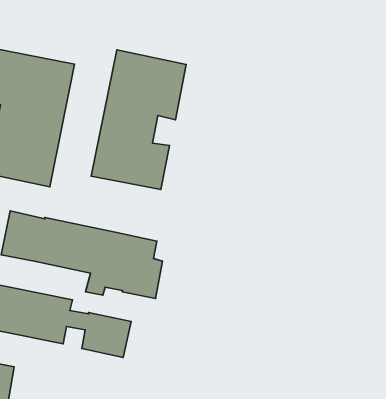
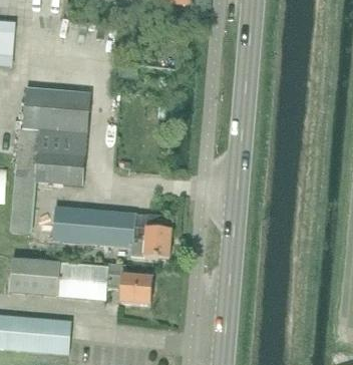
building: [91,50,186,190] -> none

